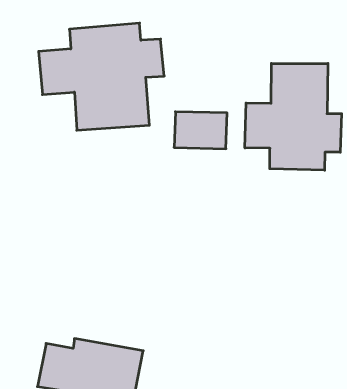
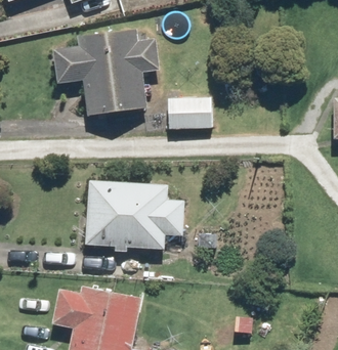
building: [245,63,342,170] -> none
building: none -> [87,179,183,251]

